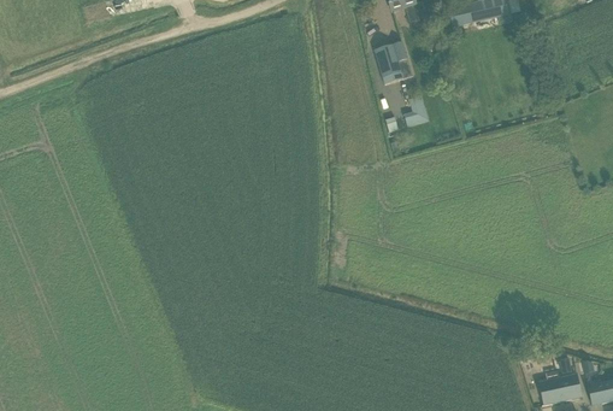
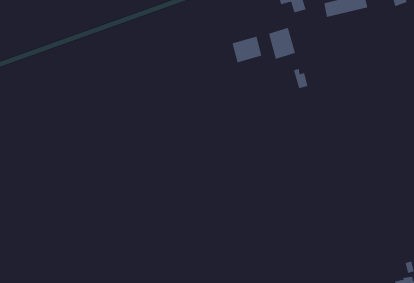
building: none -> [232,36,262,63]

